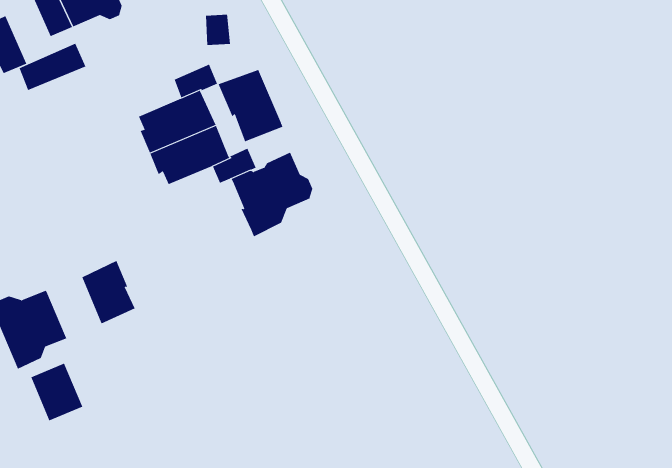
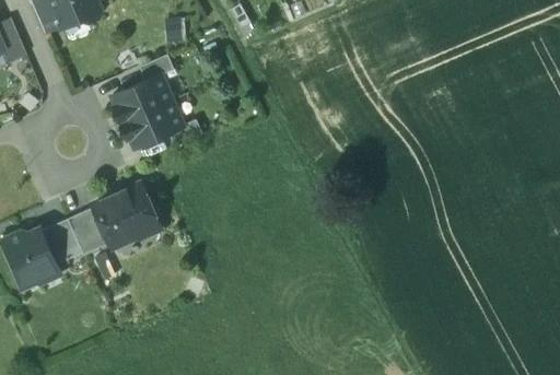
building: [19,43,86,91] -> none
building: [218,69,283,142] -> none
building: [231,152,313,237] -> [95,183,159,248]
building: [30,363,83,421] -> [43,219,83,263]

